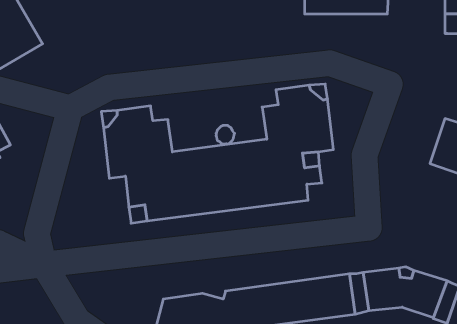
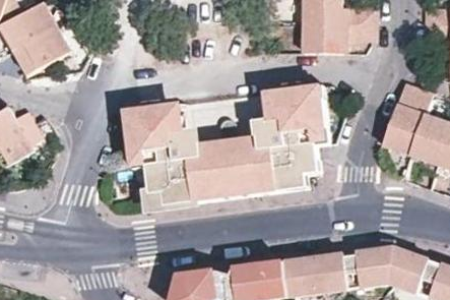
building: none -> [302,23,375,53]
building: none -> [384,92,431,156]

